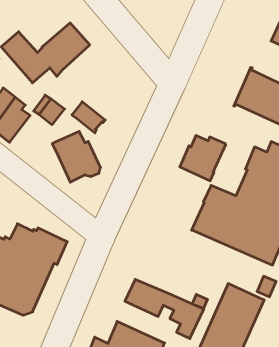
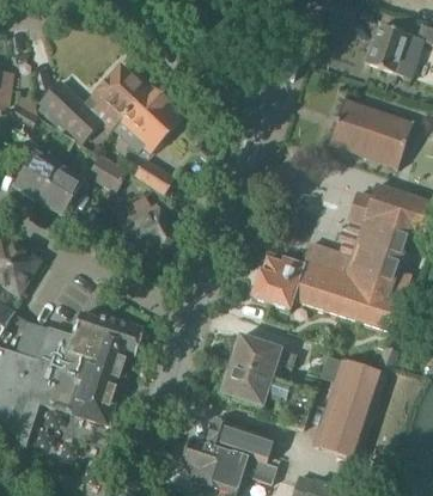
building: none -> [116,85,182,153]
building: [180,136,226,181] -> [250,257,303,310]
building: none -> [228,335,295,378]

